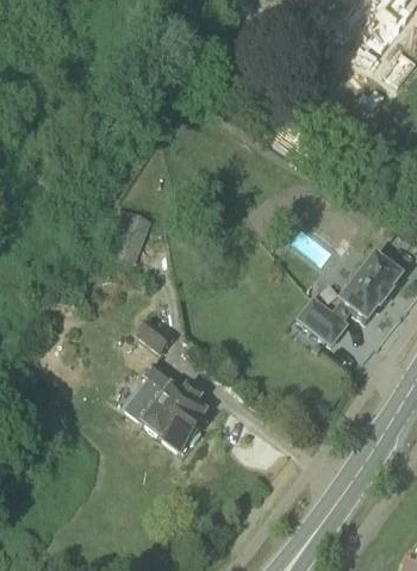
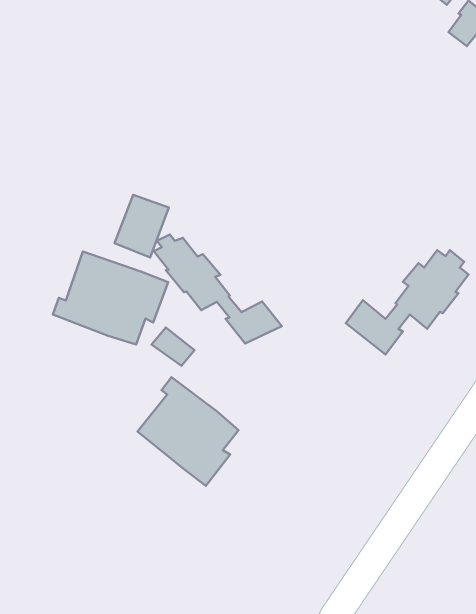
building: none -> [154,235,282,344]
building: none -> [53,252,168,345]

